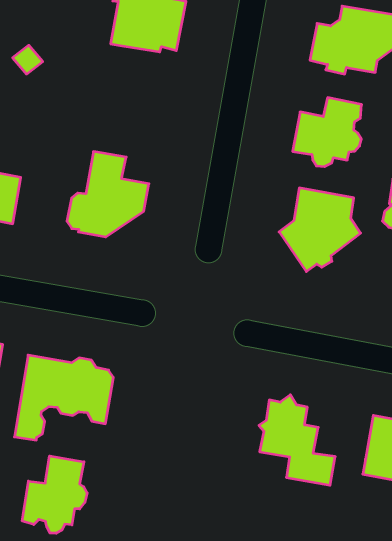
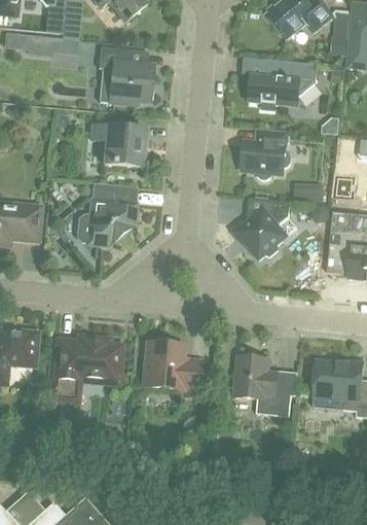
building: none -> [89,125,145,168]
building: none -> [143,342,200,391]
building: [22,456,87,533] -> none

